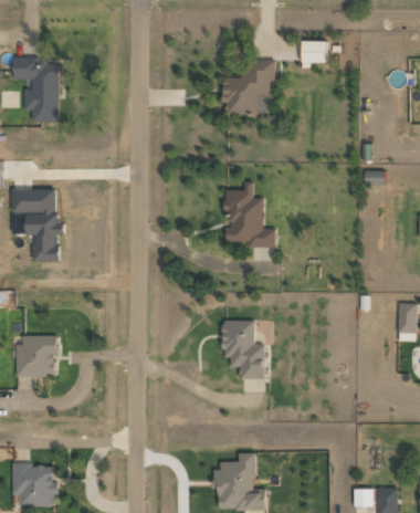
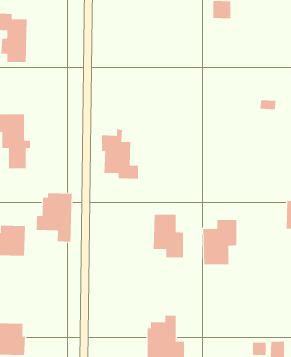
building: [221,60,275,115] -> none
building: [224,181,274,248] -> [101,129,139,179]
building: none -> [36,193,72,242]
building: none -> [203,219,237,265]

